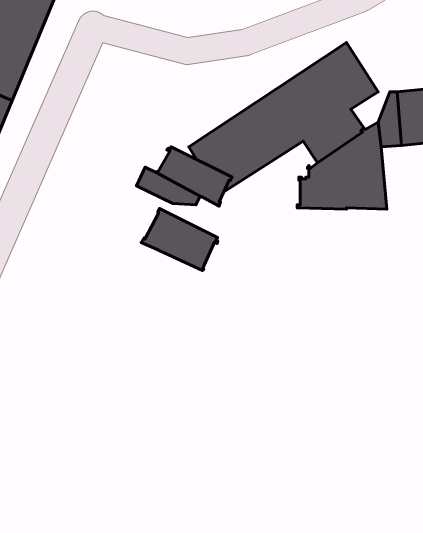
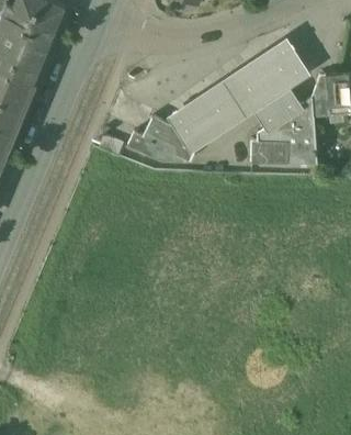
building: [141,208,218,270] -> none

